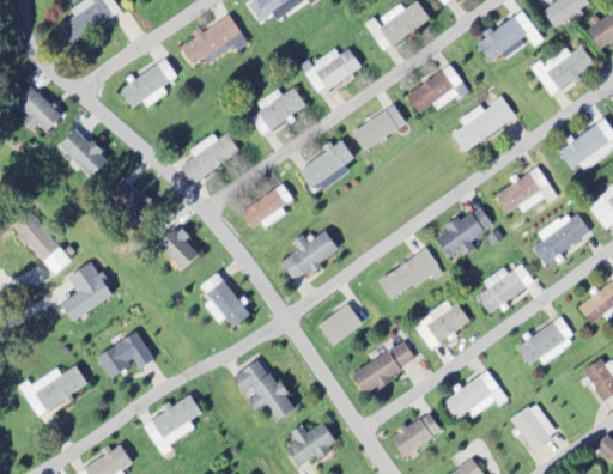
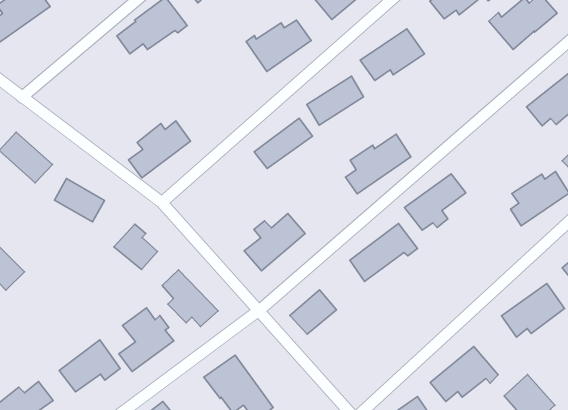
building: [119,57,177,108] -> none
building: [250,86,306,135] -> none
building: [453,96,516,148] -> [345,134,411,194]
building: [496,166,557,212] -> none
building: [241,183,293,227] -> none
building: [61,261,114,320] -> [119,308,174,372]
building: [477,263,534,312] -> none
building: [413,297,467,348] -> none
building: [352,340,417,393] -> none

